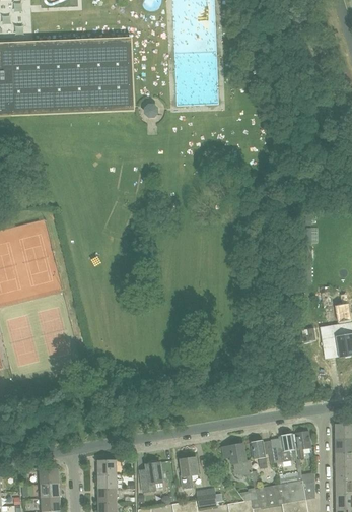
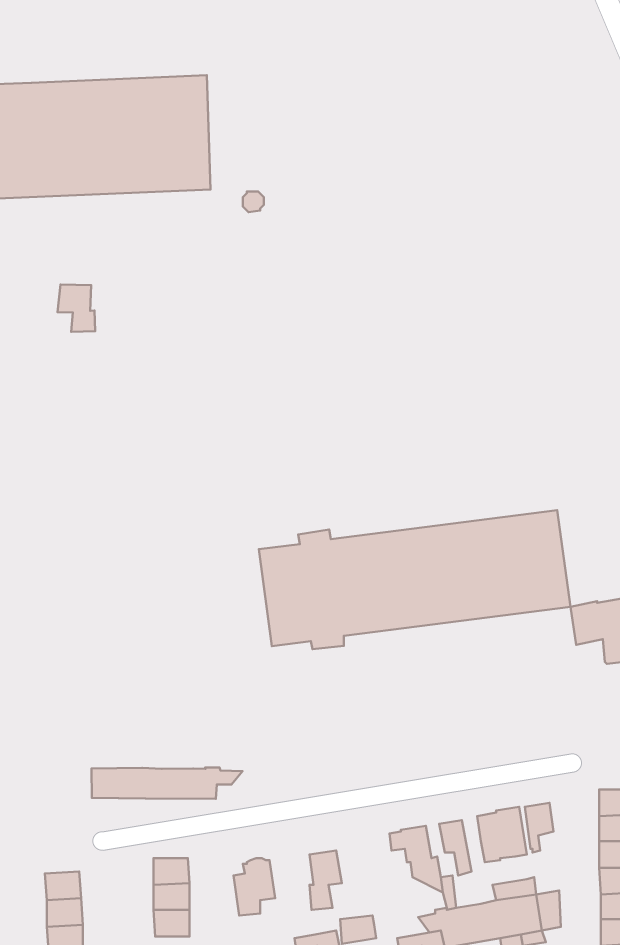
building: none -> [58,285,95,332]
building: none -> [259,510,570,649]
building: none -> [92,767,242,799]

